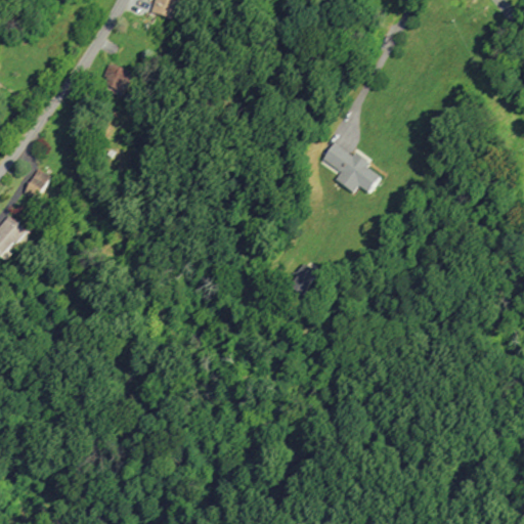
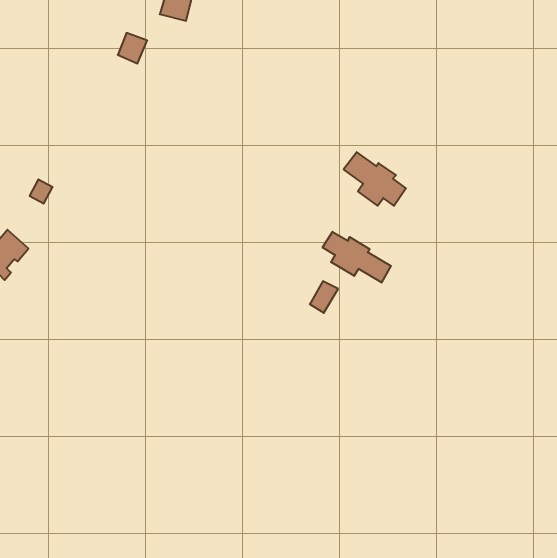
building: [102,63,130,92] -> [118,33,147,64]
building: none -> [323,232,391,283]

